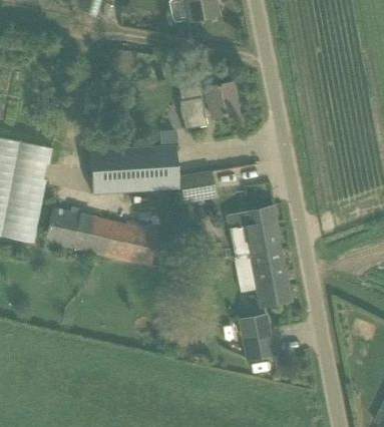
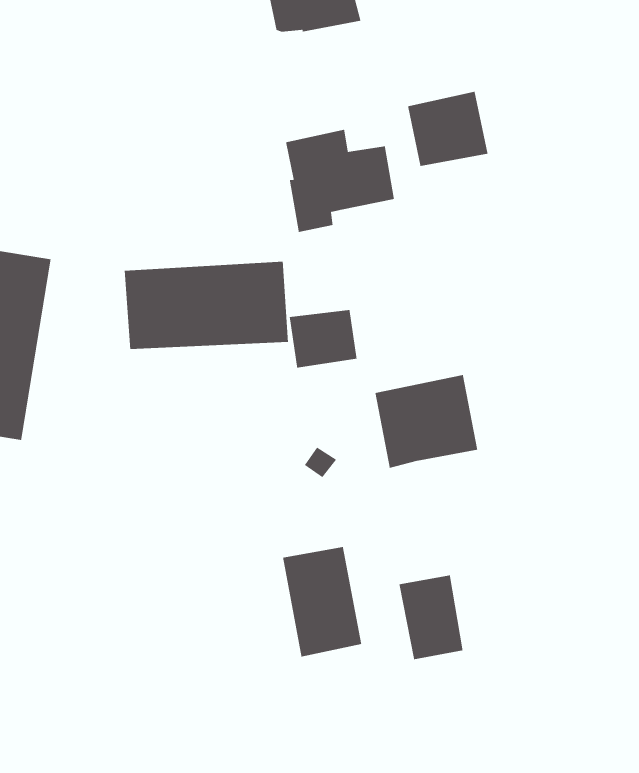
building: none -> [407,91,488,167]
building: [44,206,160,267] -> none
building: [250,248,293,308] -> [282,546,362,657]

